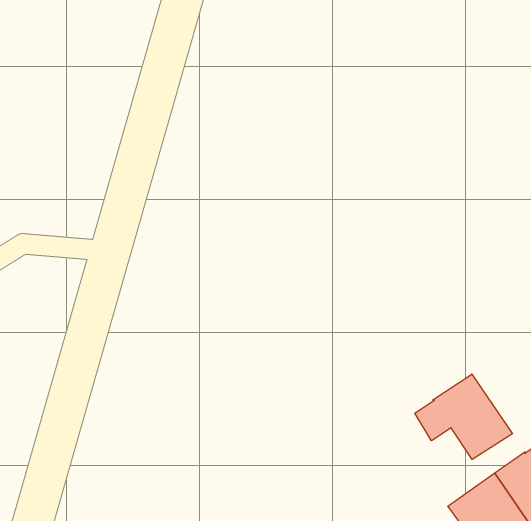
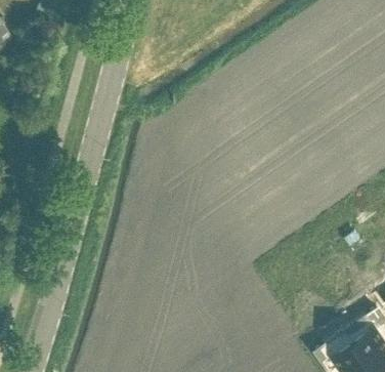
building: [415,374,513,459] -> none

